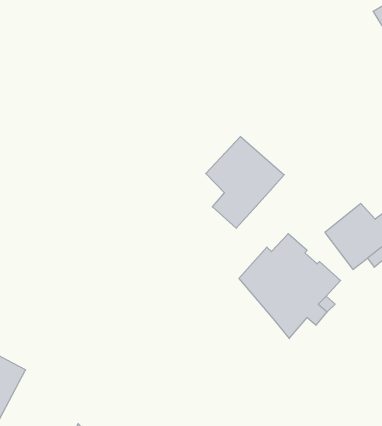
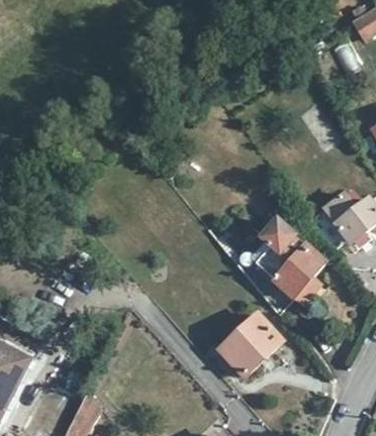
building: [206,137,284,228] -> none
building: none -> [220,314,282,374]

